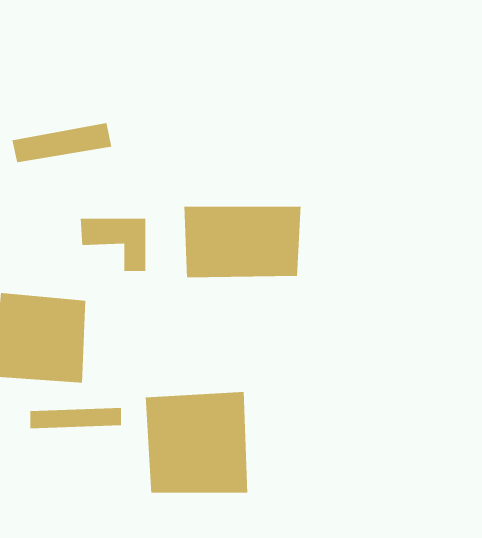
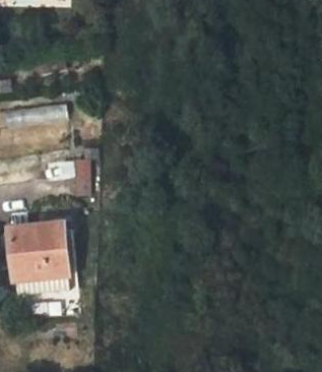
building: [184,206,301,278] -> none
building: [145,391,248,494] -> none

